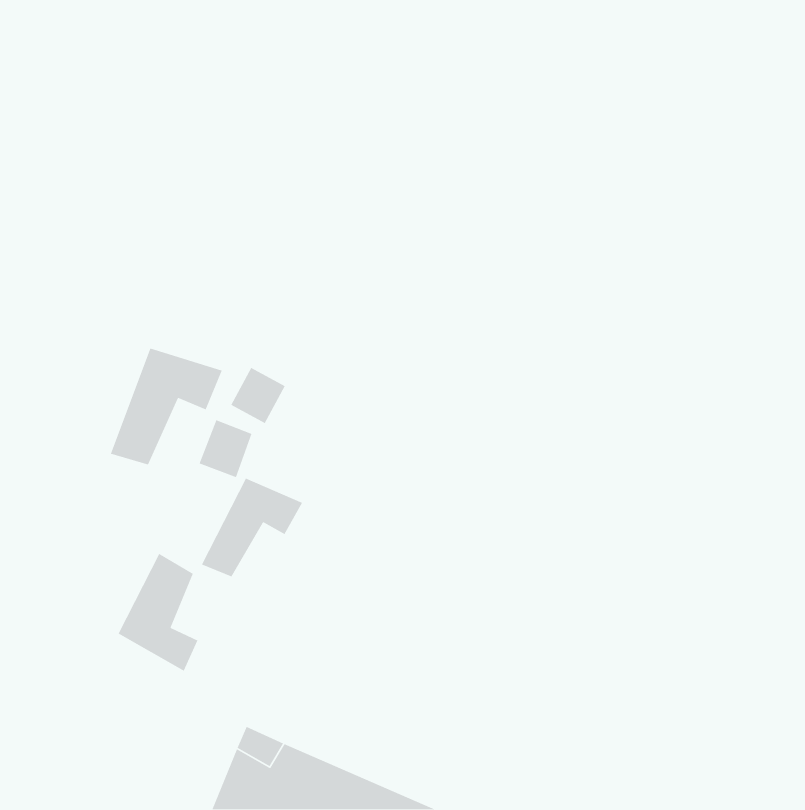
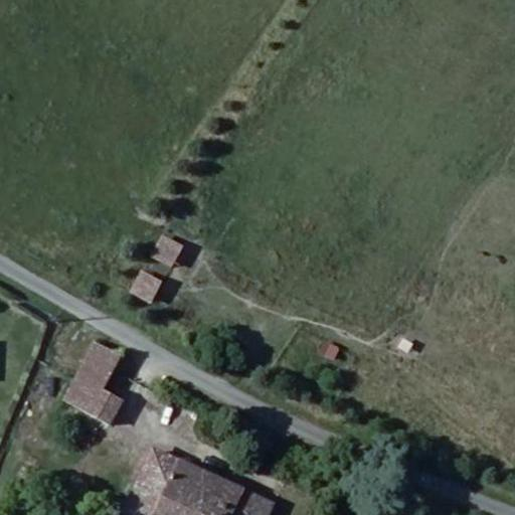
building: [110,348,223,465] -> none
building: [201,477,303,578] -> none

